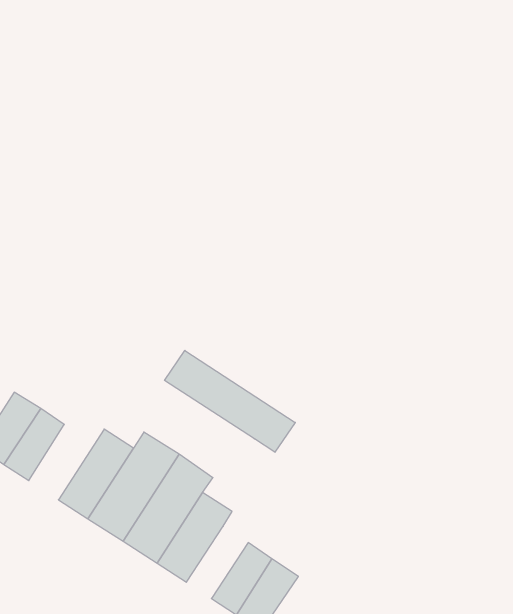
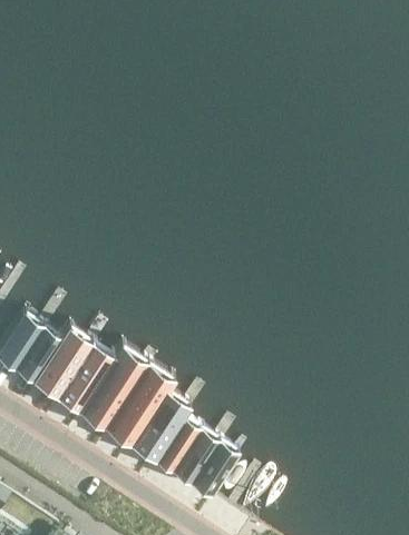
building: [165,350,295,452] -> none
building: none -> [32,329,89,397]
building: none -> [152,417,198,472]

